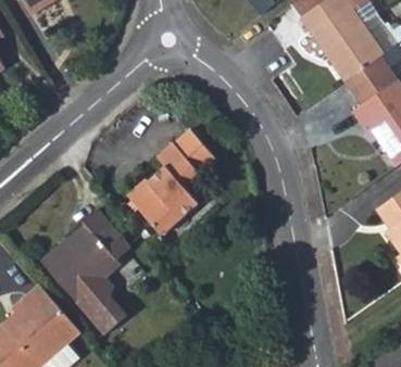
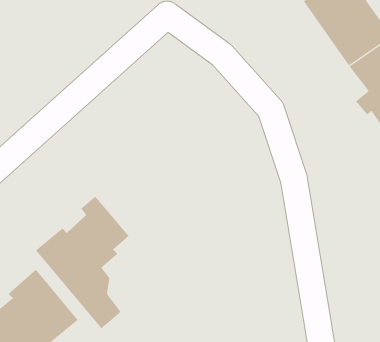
building: [121,124,216,235] -> none

